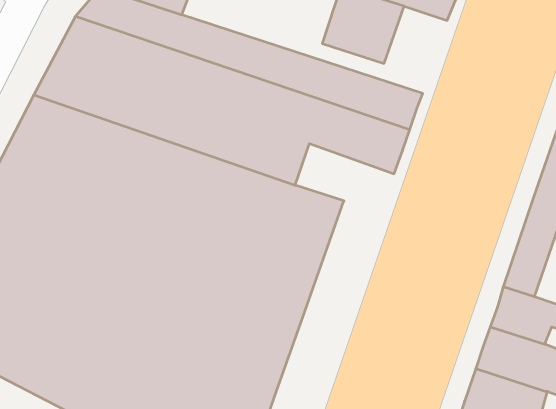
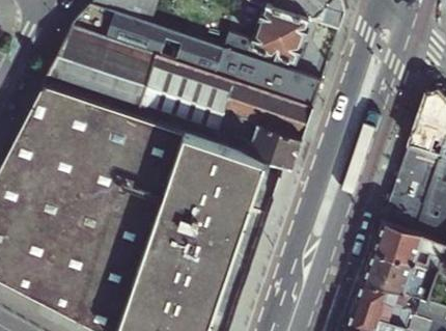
building: none -> [231,120,303,171]

